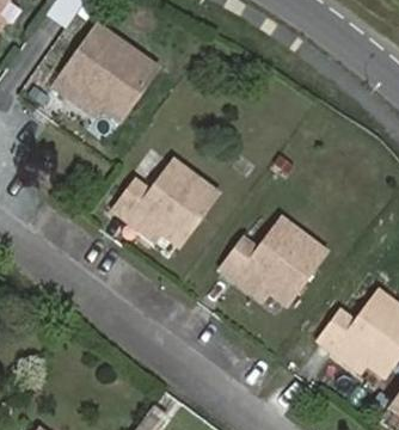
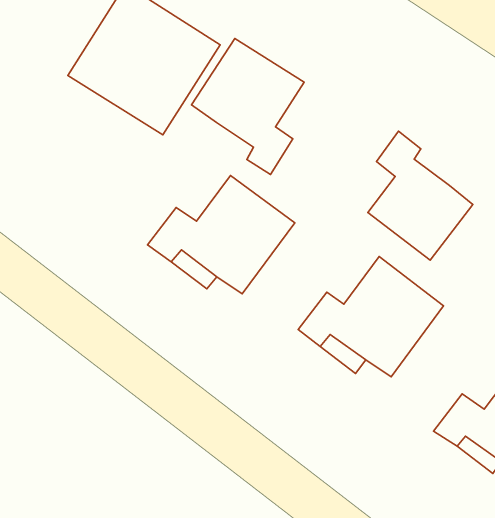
building: none -> [191,38,304,175]
building: none -> [368,131,473,260]

